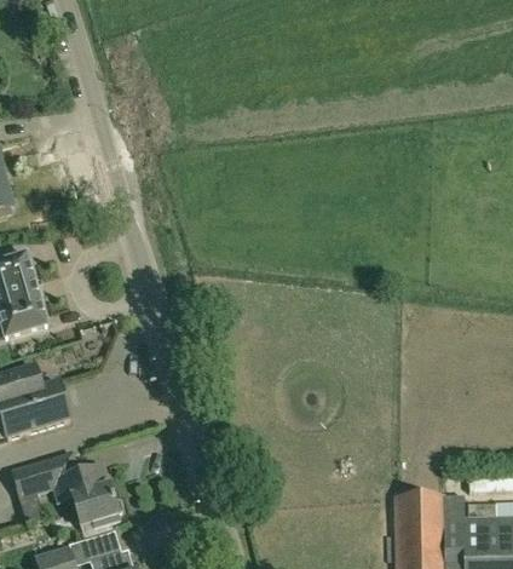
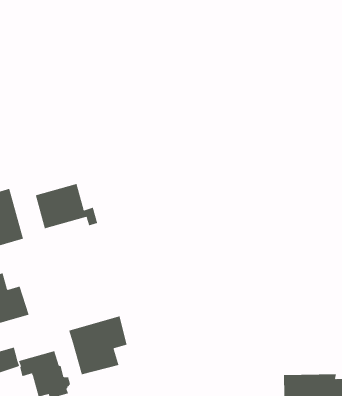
building: none -> [35,183,98,229]
building: none -> [69,316,127,375]

